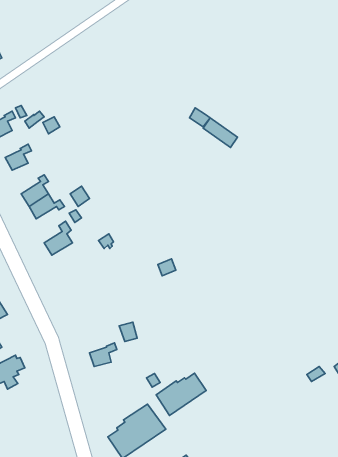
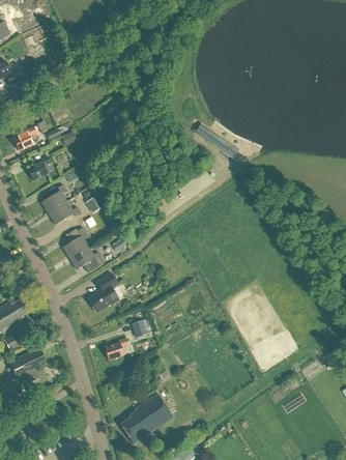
building: none -> [69,247,105,272]
building: none -> [88,272,118,312]
building: [156,373,206,416] -> none

